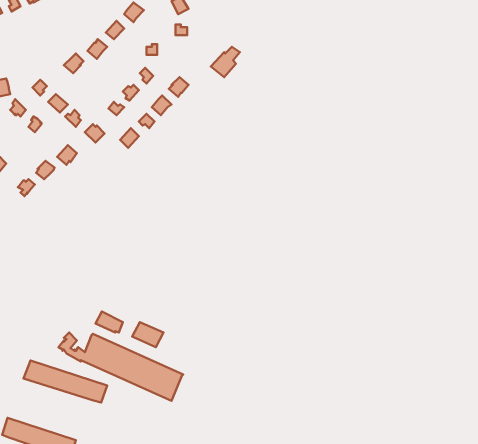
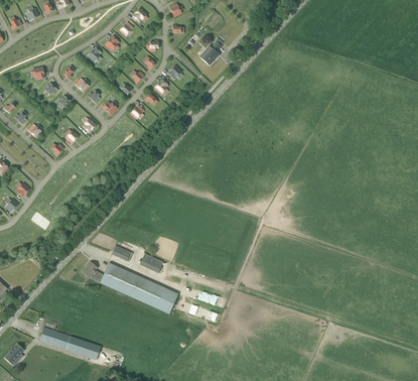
building: [24,360,107,403] -> none

